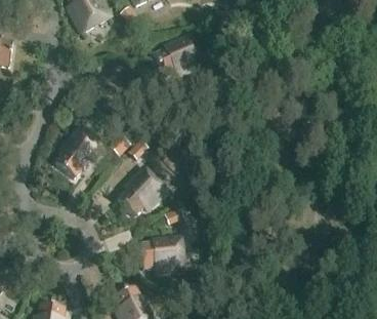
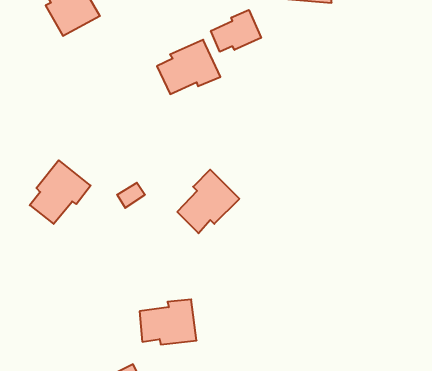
building: none -> [211,10,261,52]
building: [117,166,165,215] -> [177,170,239,233]

